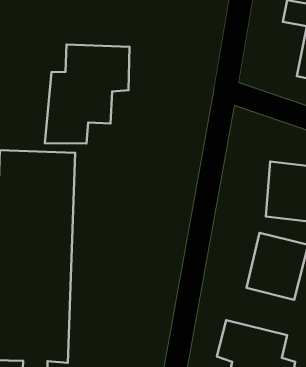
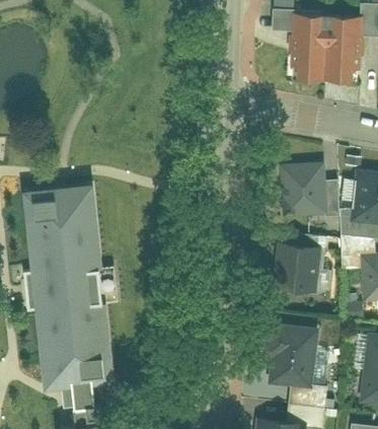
building: [45,45,130,143] -> none

